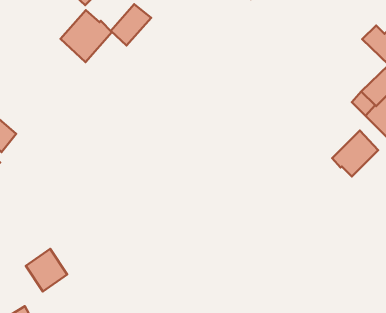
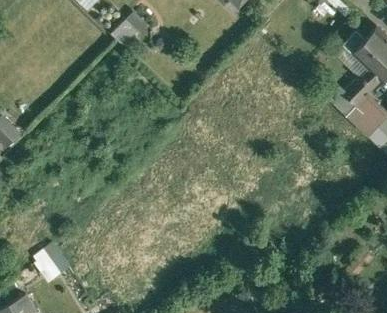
building: [60,10,112,62] -> none
building: [332,131,378,177] -> none

